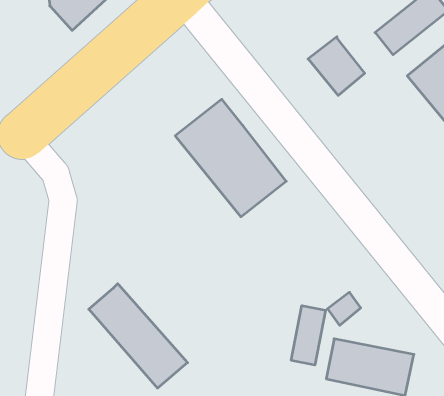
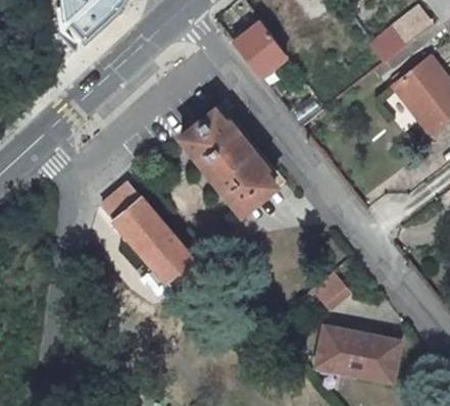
building: [308,37,365,95] -> [234,22,286,77]
building: [89,284,188,388] -> [101,185,192,281]
building: [291,306,325,365] -> none

